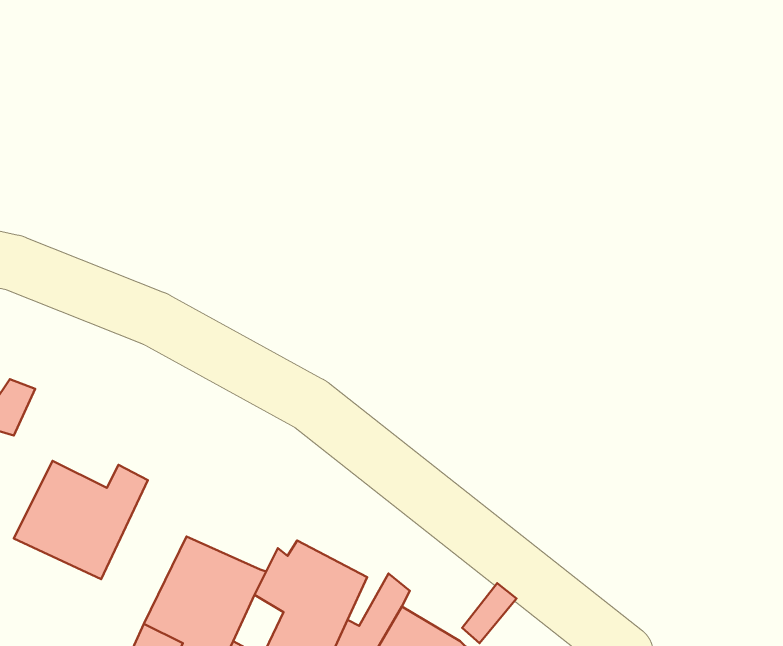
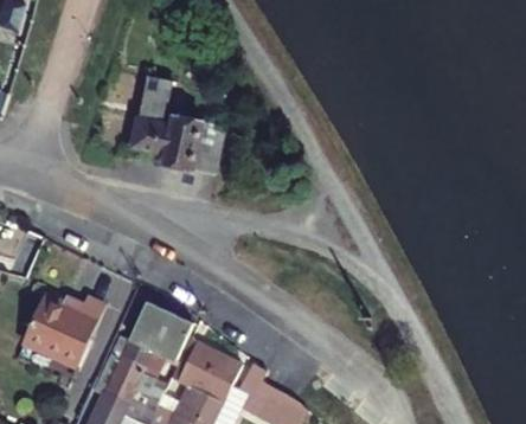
building: none -> [132,75,222,174]
building: none -> [127,301,187,358]

